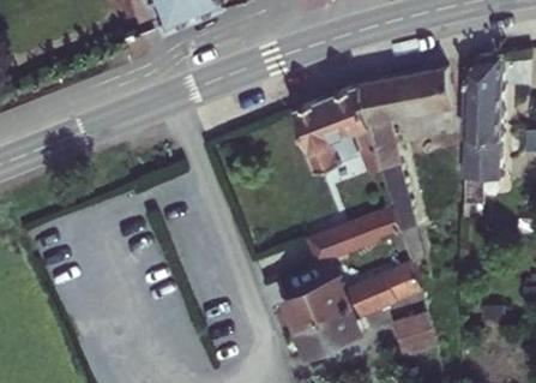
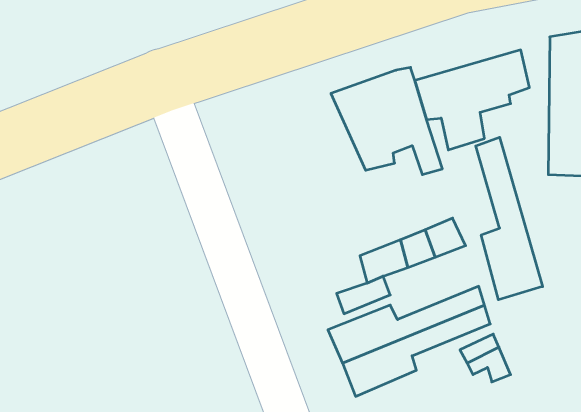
building: none -> [476,137,543,300]

